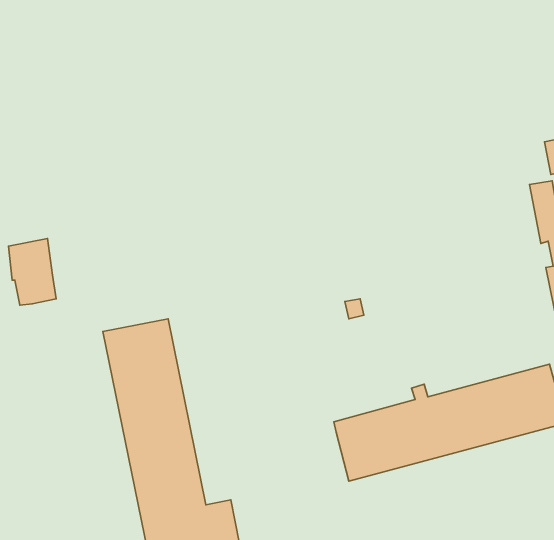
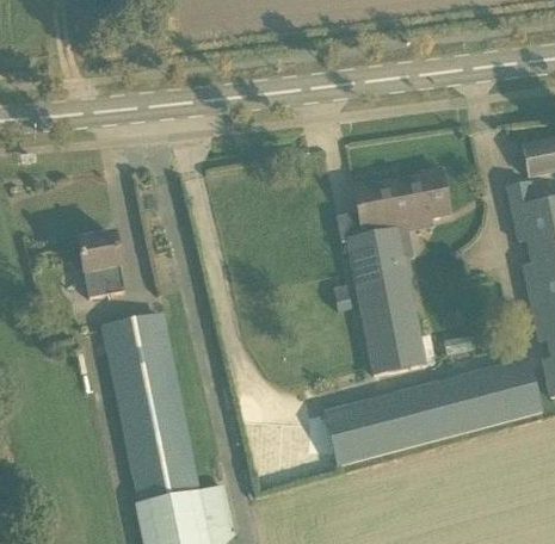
building: none -> [345,168,449,373]
building: [8,239,56,305] -> [78,233,123,296]

